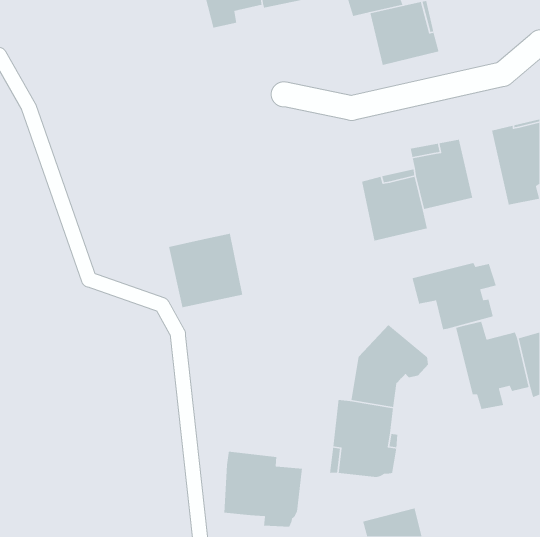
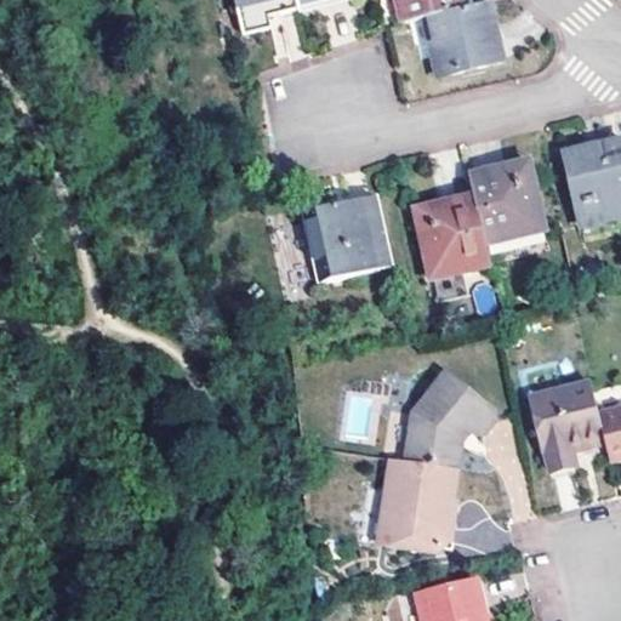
building: [168,233,243,308] -> [302,193,388,279]
building: [412,262,497,330] -> none
building: [223,451,303,528] -> none

